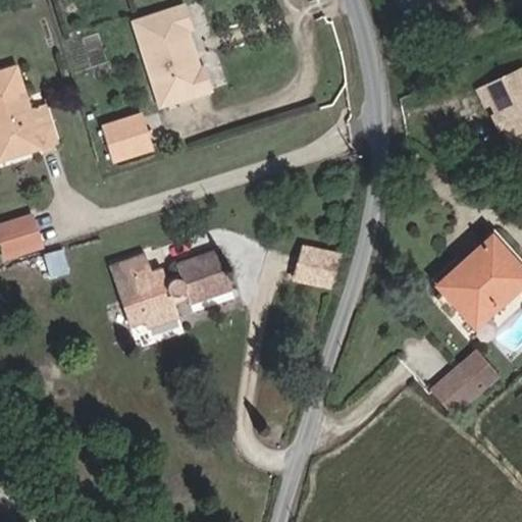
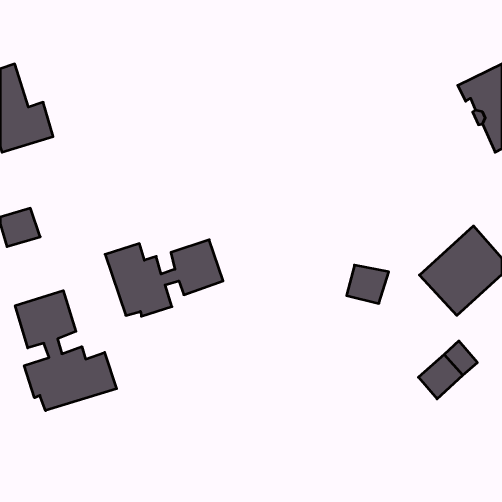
building: [134,6,210,106] -> none
building: [105,116,151,159] -> none
building: [295,247,338,286] -> [347,265,389,303]
building: none -> [15,291,117,411]

